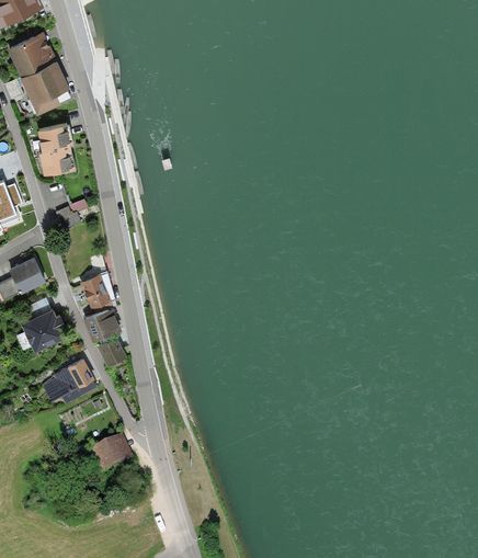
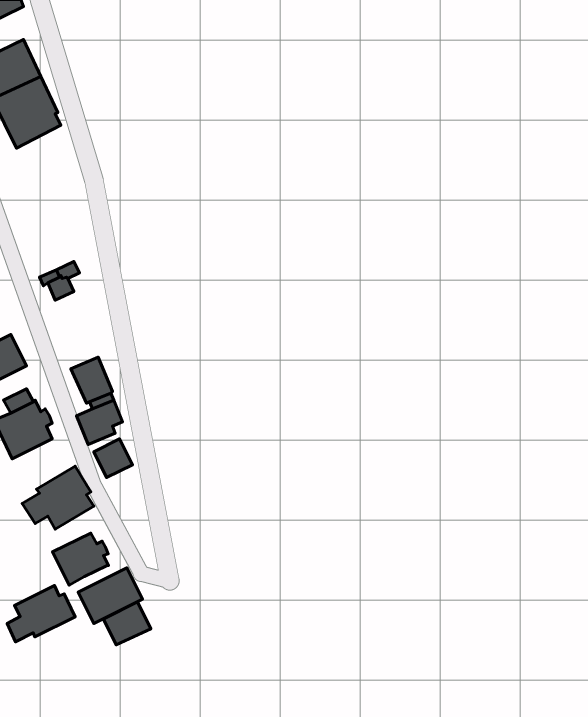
building: [37,121,76,173] -> none
building: none -> [52,533,108,585]
building: none -> [7,585,75,642]
building: none -> [104,602,151,645]

